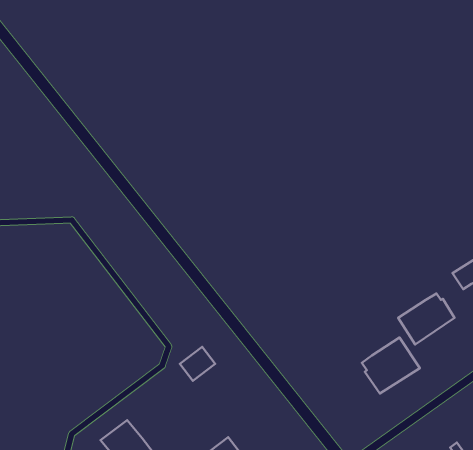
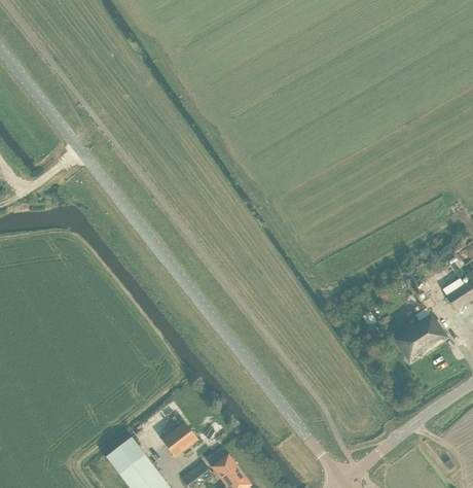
building: [362,338,420,393] -> none
building: [180,347,215,381] -> [162,424,196,457]

